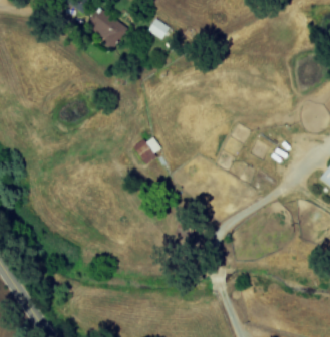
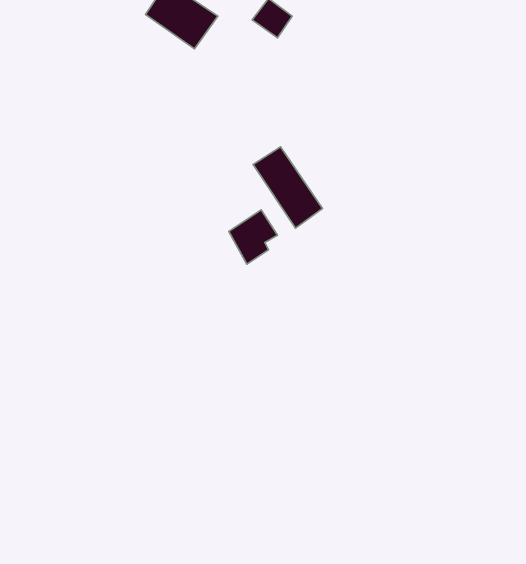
building: none -> [253,147,322,228]

